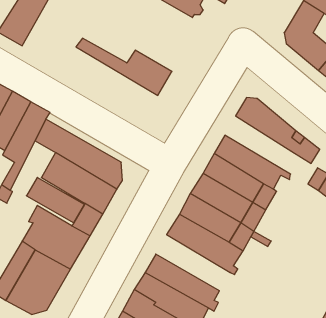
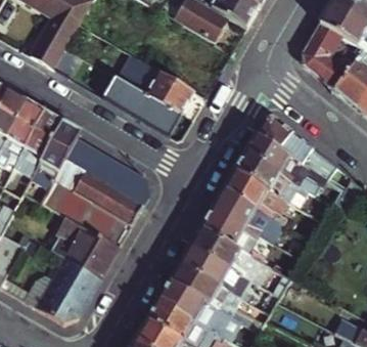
building: none -> [104,71,181,135]
building: none -> [244,133,310,188]
building: none -> [179,246,249,302]

